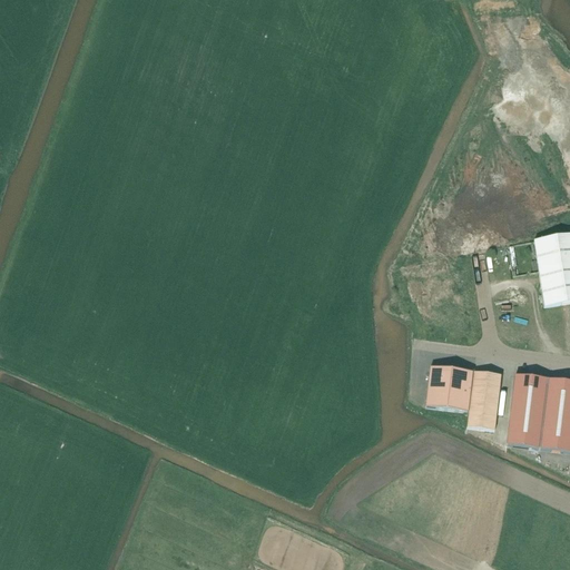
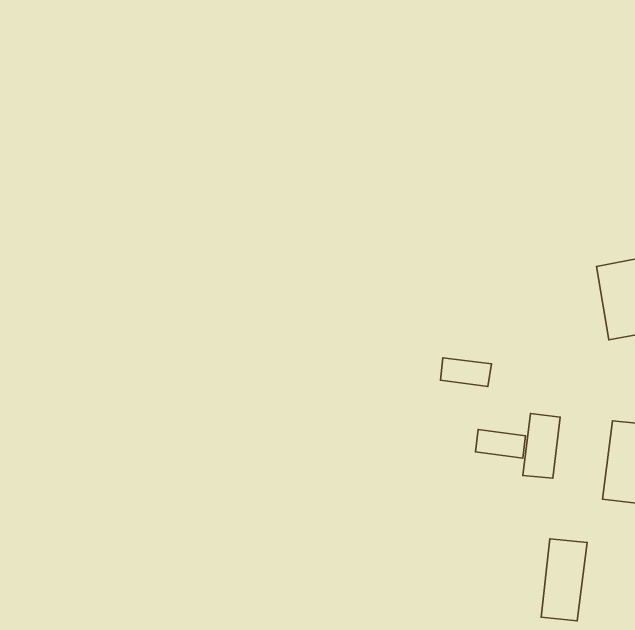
building: [429,364,474,390] -> [440,358,491,386]
building: [508,373,549,446] -> [541,539,587,621]

